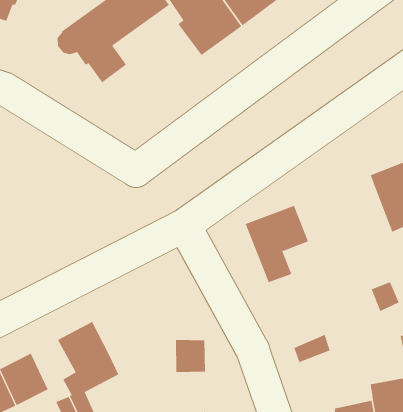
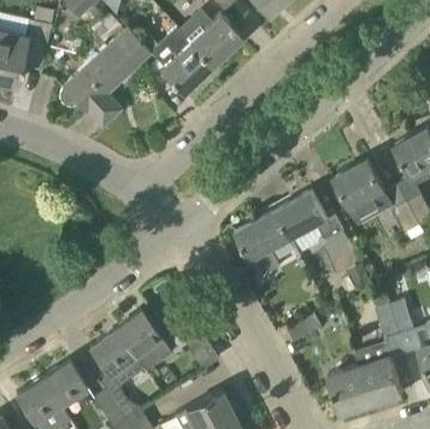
building: none -> [275,190,344,253]
building: none -> [117,310,171,371]

